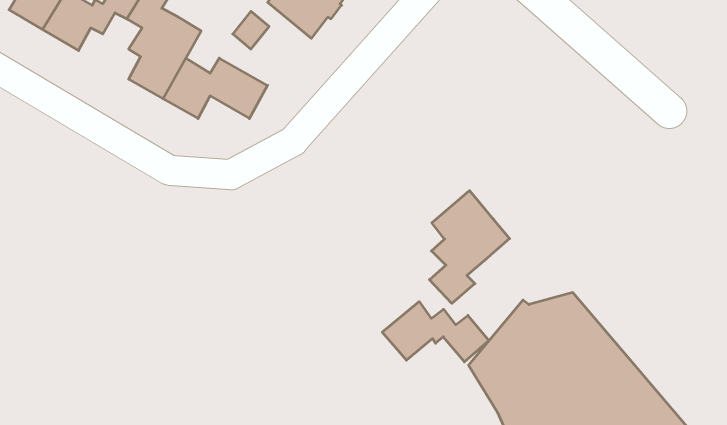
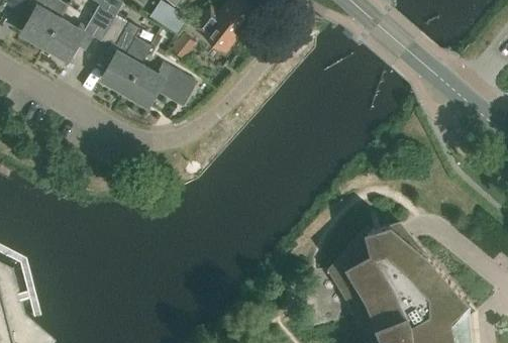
building: [429,191,510,303] -> none
building: [382,302,489,362] -> none

